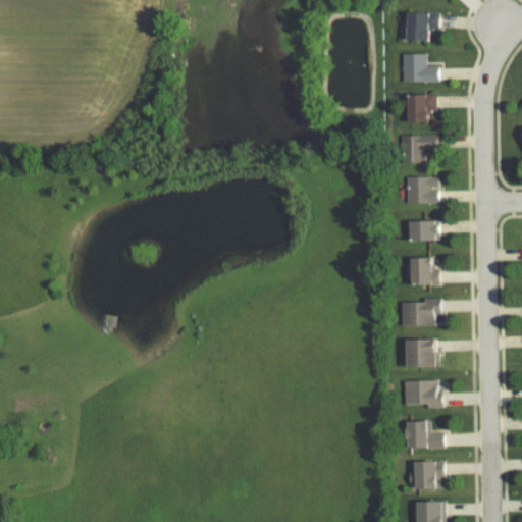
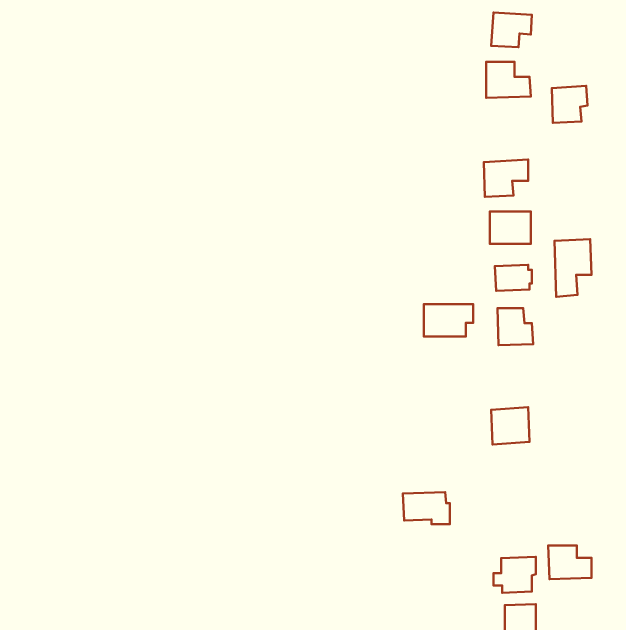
building: [405,93,434,123] -> [552,86,588,123]
building: none -> [555,239,592,297]
building: [400,300,440,326] -> [424,304,473,336]
building: [402,381,440,408] -> [403,492,450,524]
building: [407,421,442,449] -> [548,546,592,579]

